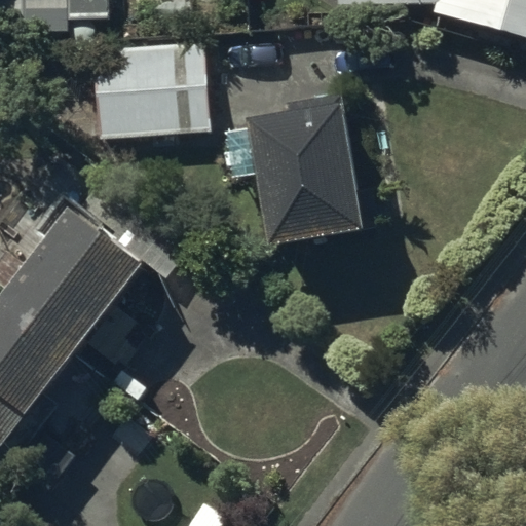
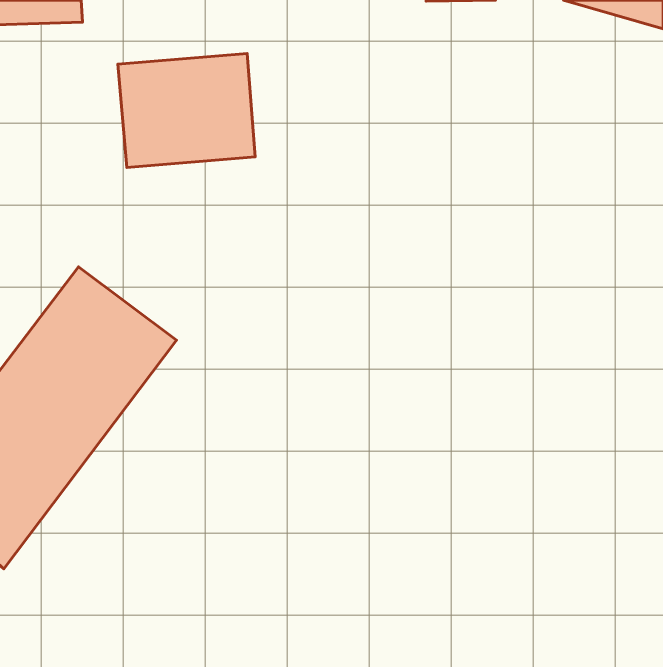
building: [251,109,364,236] -> none

